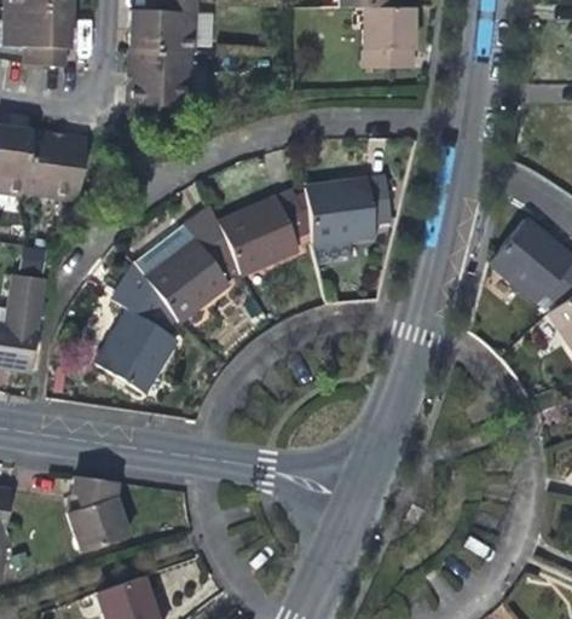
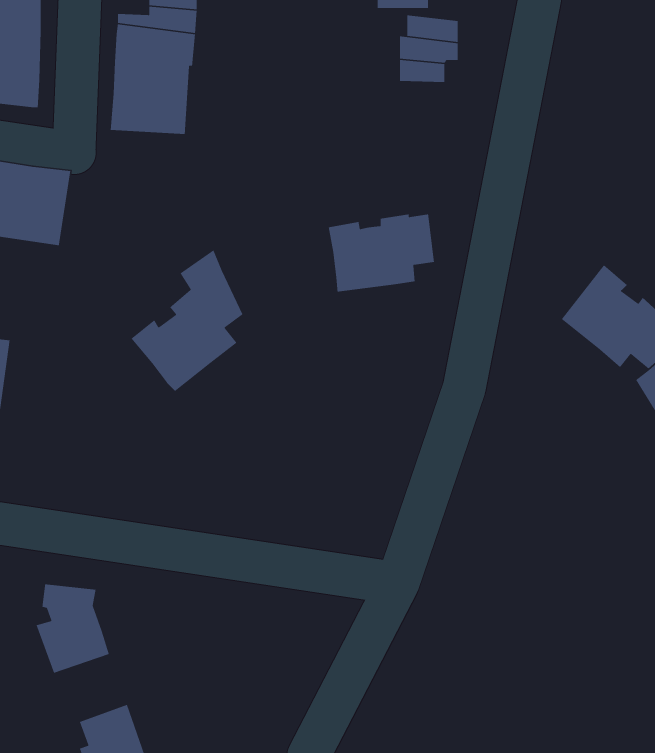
building: [218,189,310,271] -> none
building: [97,291,177,389] -> none

